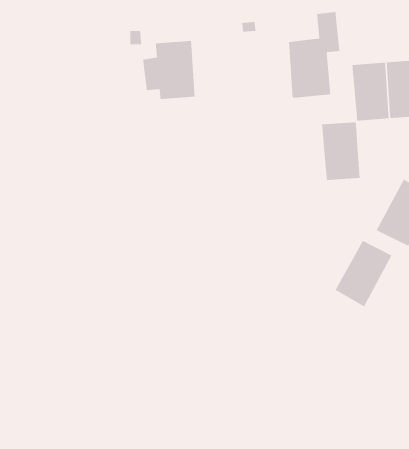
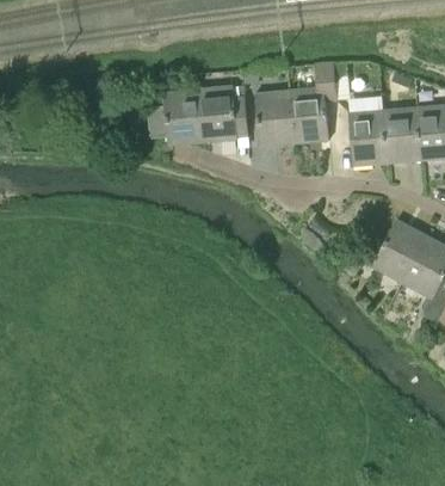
building: none -> [198,85,249,142]
building: [321,121,360,181] -> [255,90,292,146]
building: [335,240,393,308] -> none

